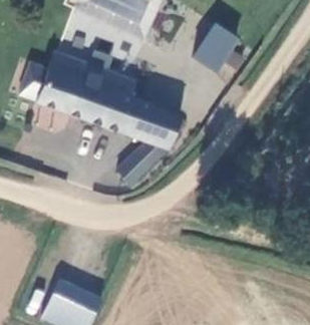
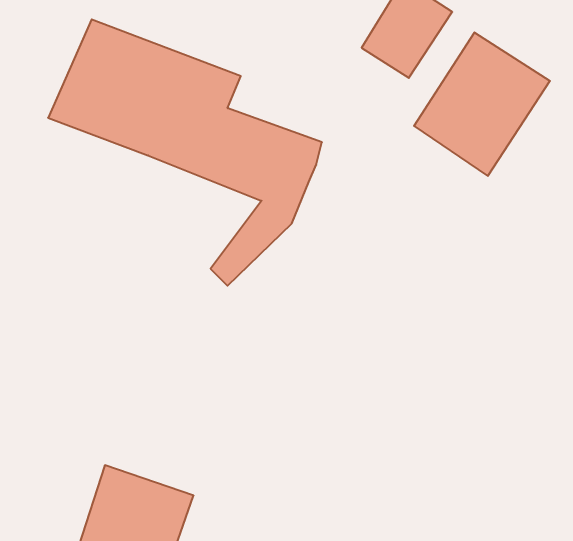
building: none -> [414,32,550,176]

